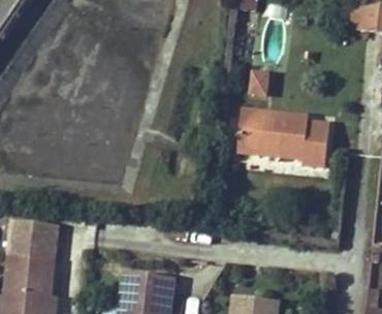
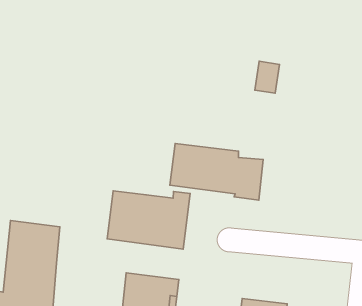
building: [237,111,327,165] -> [170,144,263,200]
building: none -> [107,191,190,249]

